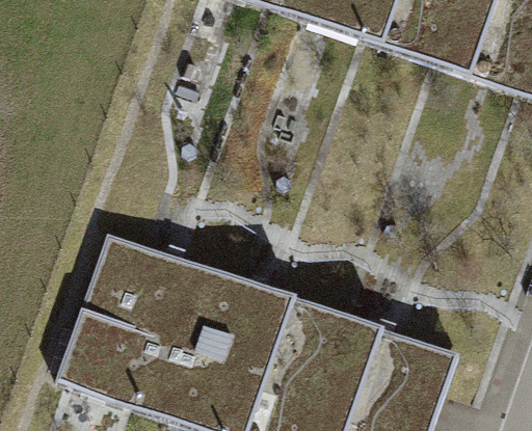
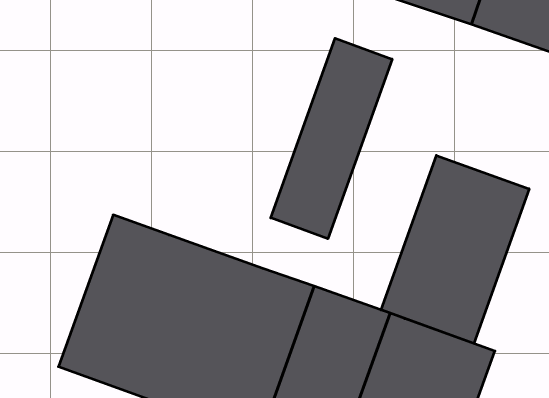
building: none -> [271,38,392,239]
building: none -> [381,155,529,343]

